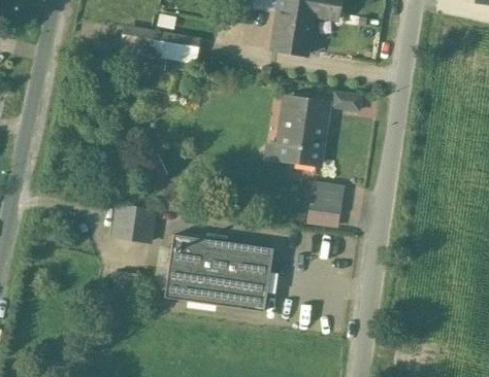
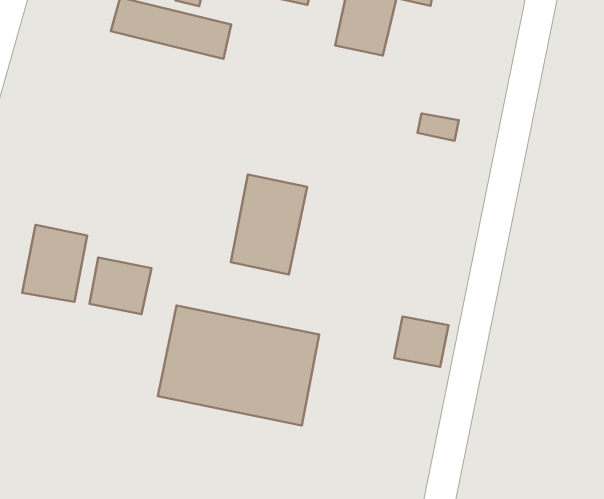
building: [278,98,327,165] -> [231,174,307,274]
building: [308,181,345,214] -> [394,316,449,367]
building: none -> [22,225,87,302]

